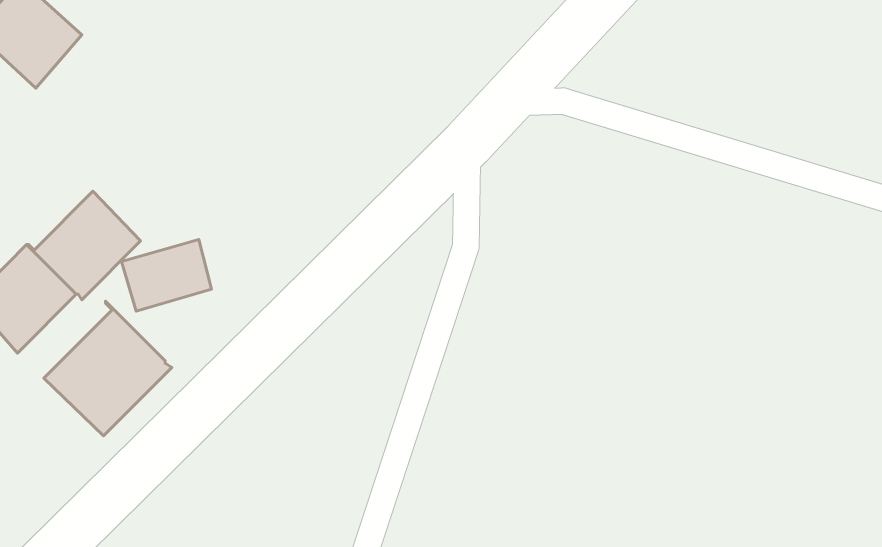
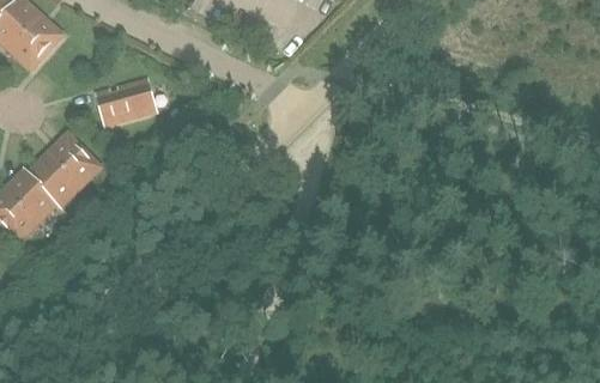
building: [122,239,212,311] -> [97,79,156,126]
building: [44,301,172,436] -> none

